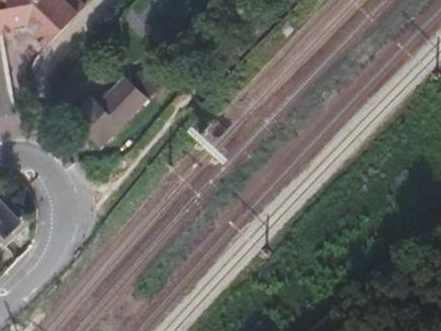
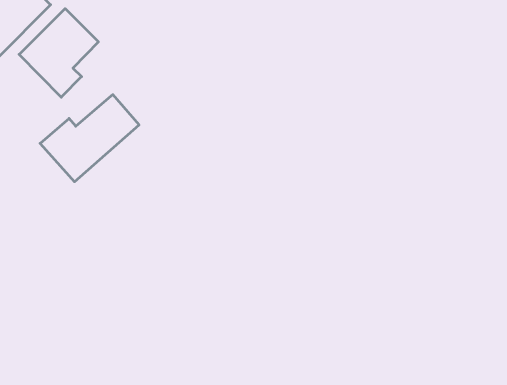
building: none -> [19,9,98,97]

